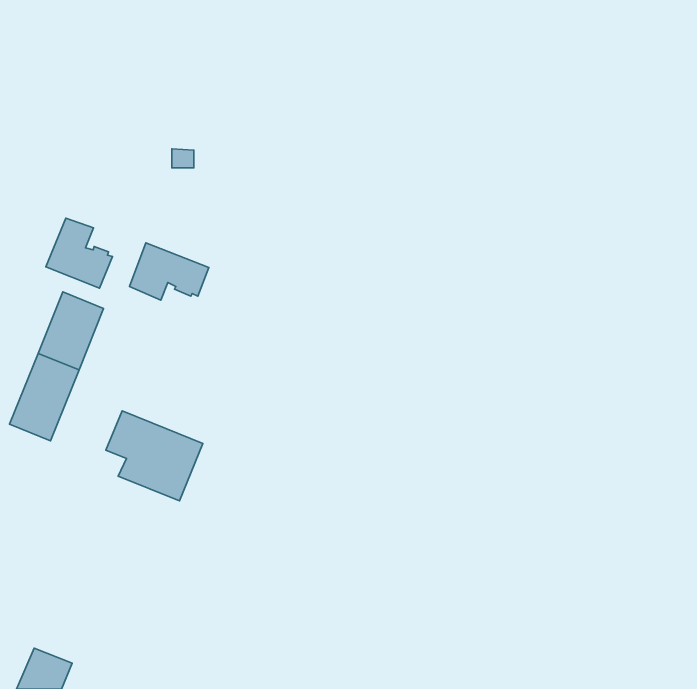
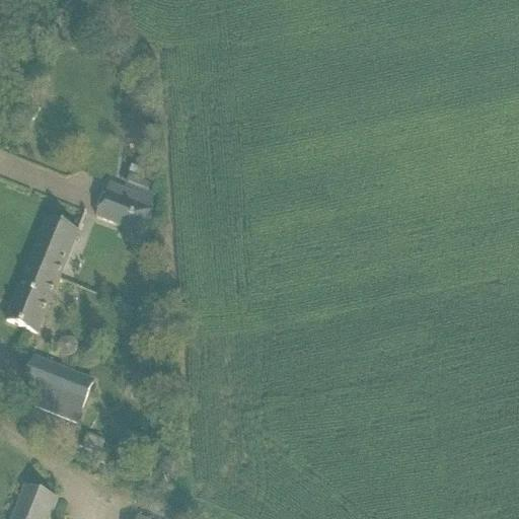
building: [46,218,113,288] -> none
building: [106,411,203,501] -> [21,352,93,419]

